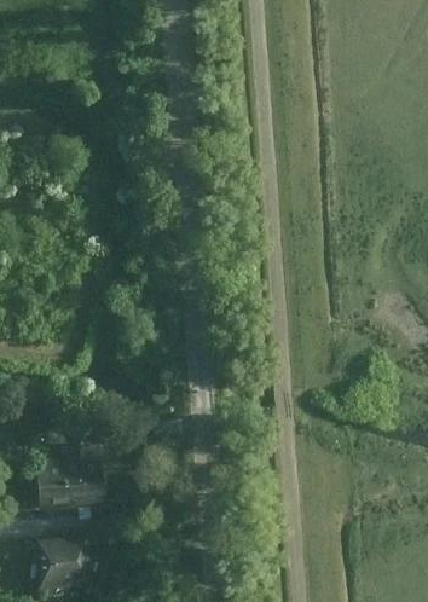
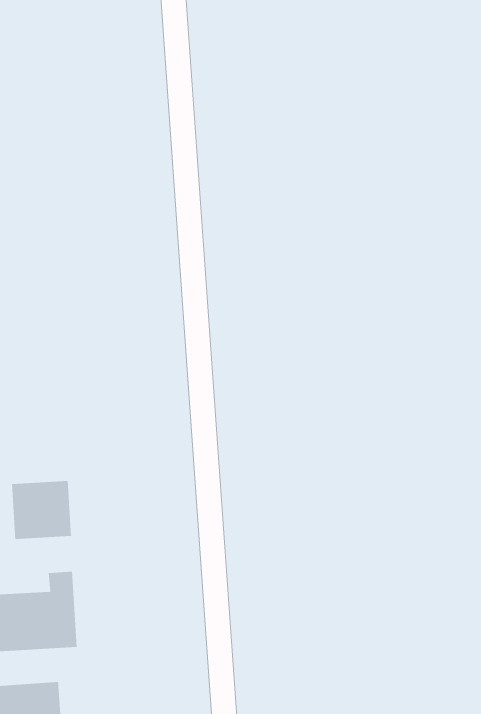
building: none -> [11,480,72,540]

